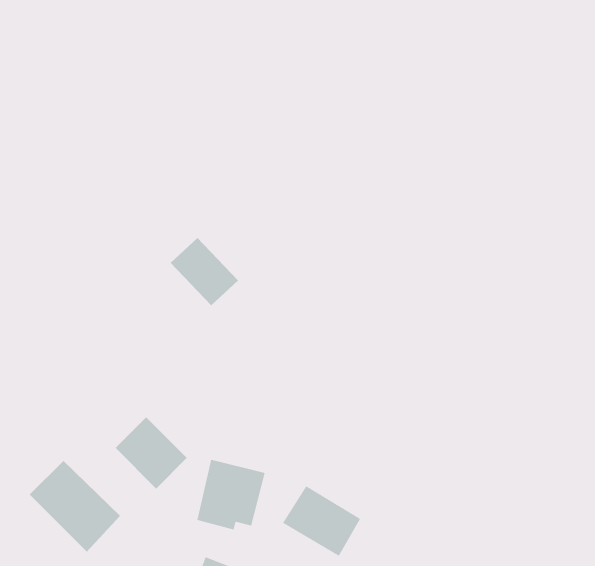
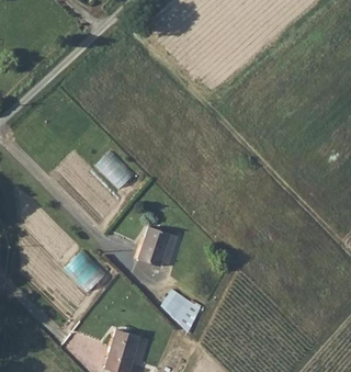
building: [197,459,266,530] -> [139,226,178,266]
building: [29,460,121,552] -> none

